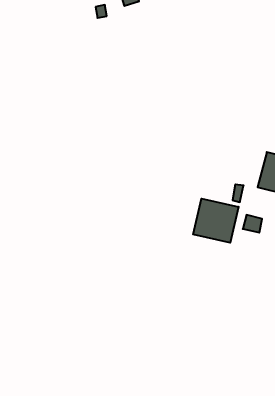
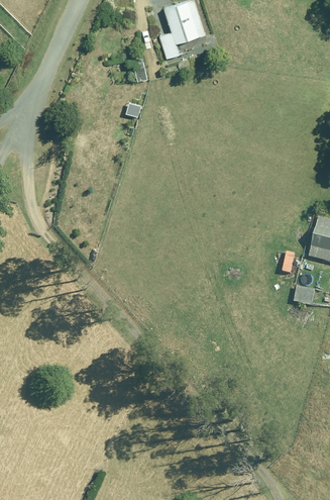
building: [193,199,239,243] -> none

